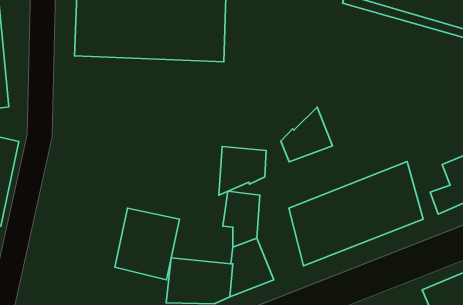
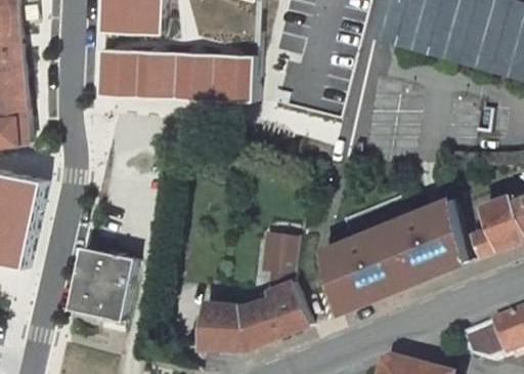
building: [281,107,332,162] -> none
building: [219,147,266,195] -> none
building: [115,208,179,280] -> [64,247,131,321]

